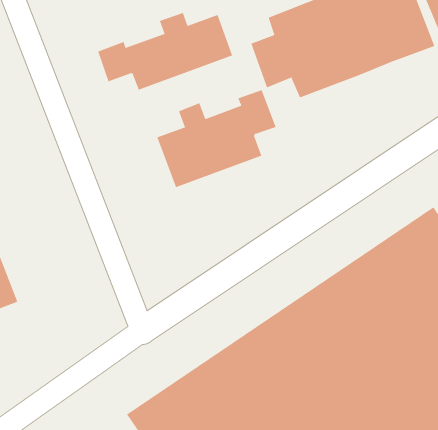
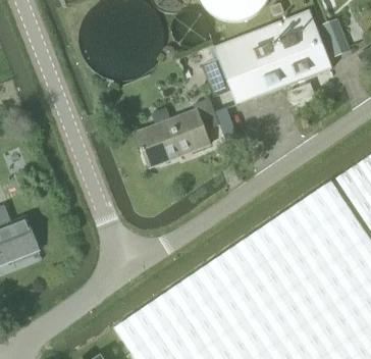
building: [97,12,233,91] -> none

